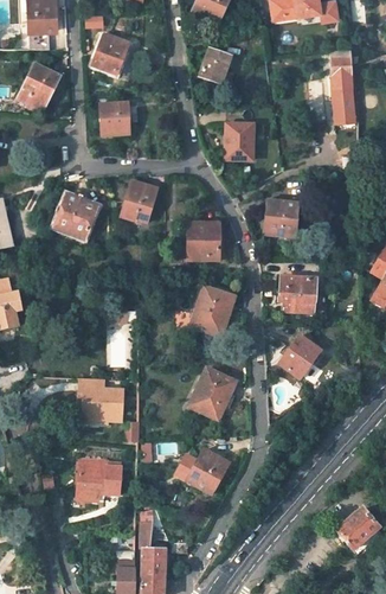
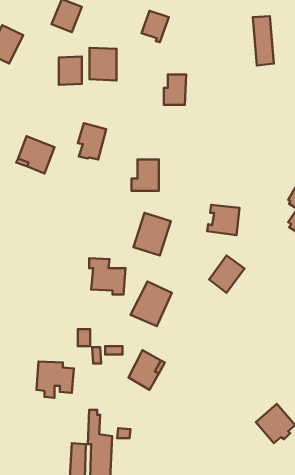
building: none -> [89,48,116,80]
building: [266,200,300,236] -> none
building: [76,378,118,421] -> [89,258,126,294]

